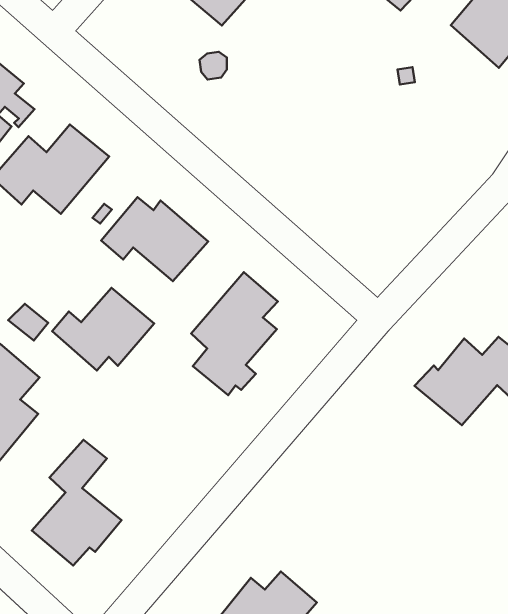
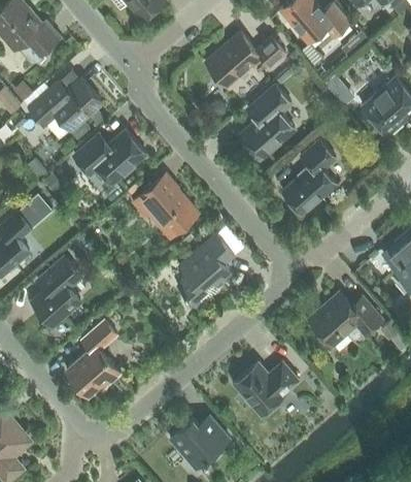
building: none -> [239,86,295,159]
building: none -> [282,140,337,215]
building: [52,288,154,370] -> none
building: none -> [234,362,299,415]

